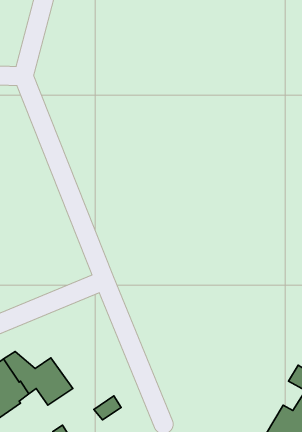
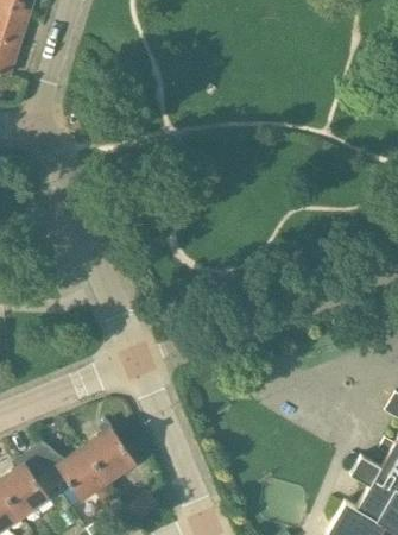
building: none -> [82,422,134,482]

